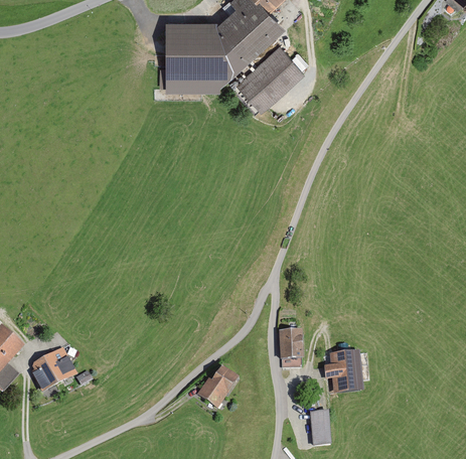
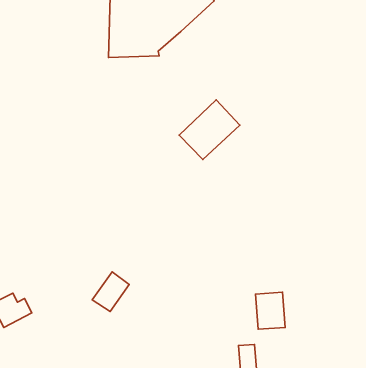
building: [240,46,307,113] -> [179,100,240,159]
building: [278,329,302,360] -> none
building: [197,364,239,409] -> [92,272,129,312]

